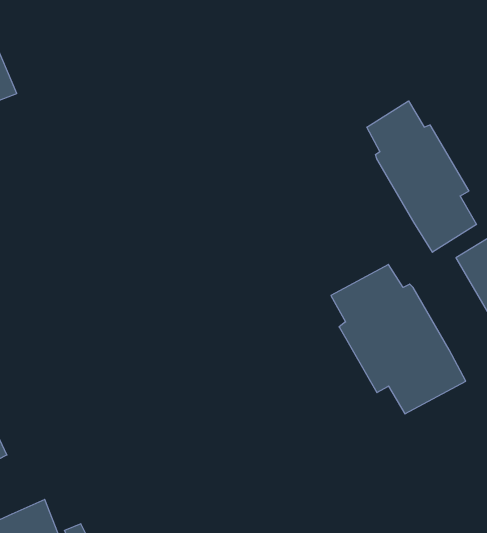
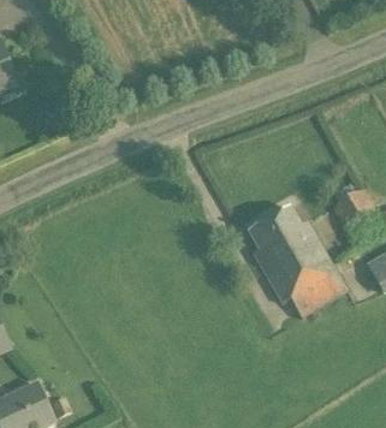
building: [367,101,476,252] -> none

